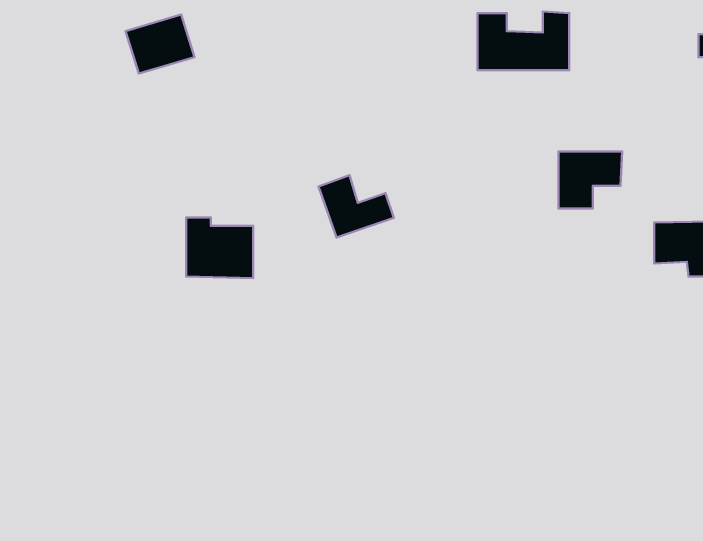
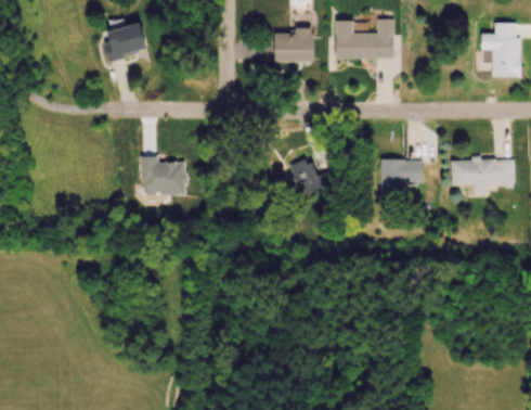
building: none -> [274,34,314,62]
building: [558,151,622,209] -> [381,158,424,196]
building: [319,175,394,237] -> [292,157,341,198]

